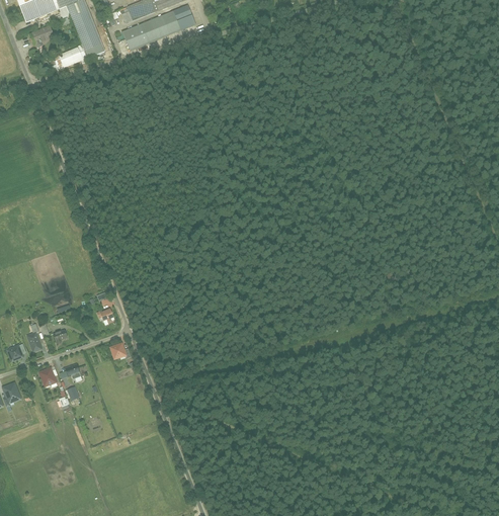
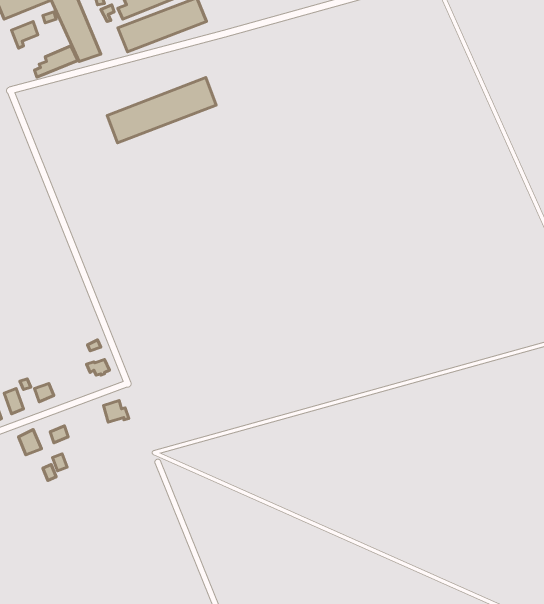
building: none -> [107,78,216,143]

